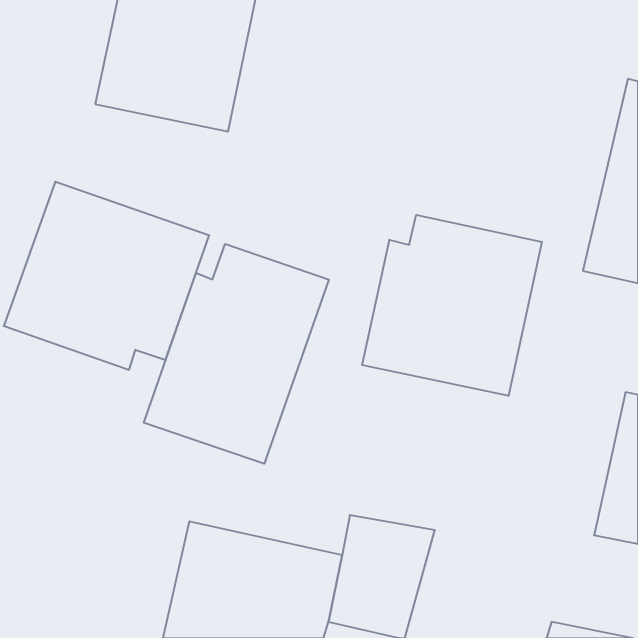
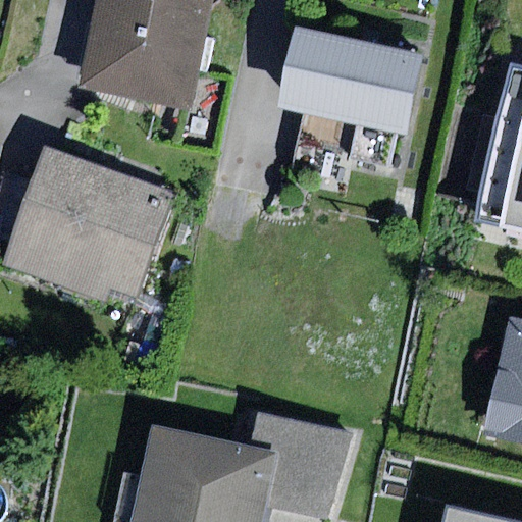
building: none -> [281,28,421,135]
building: [362,215,542,396] -> none
building: [144,244,329,464] -> none

